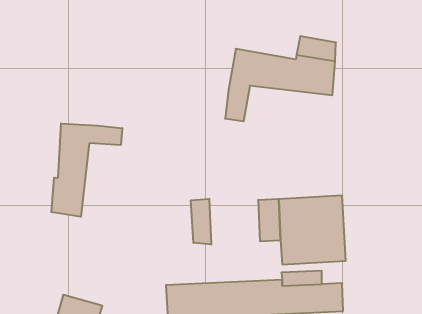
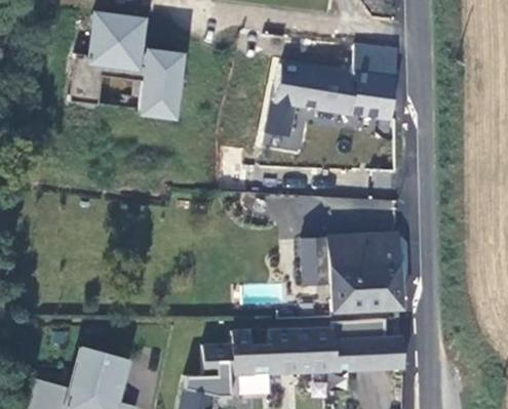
building: none -> [70,15,179,114]
building: [52,123,122,217] -> none
building: [191,199,211,245] -> none

